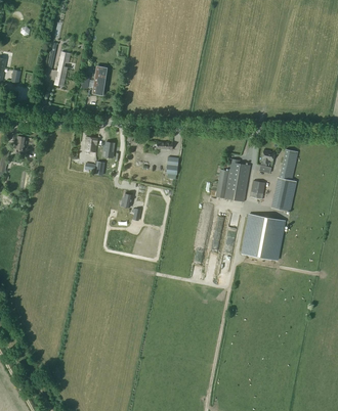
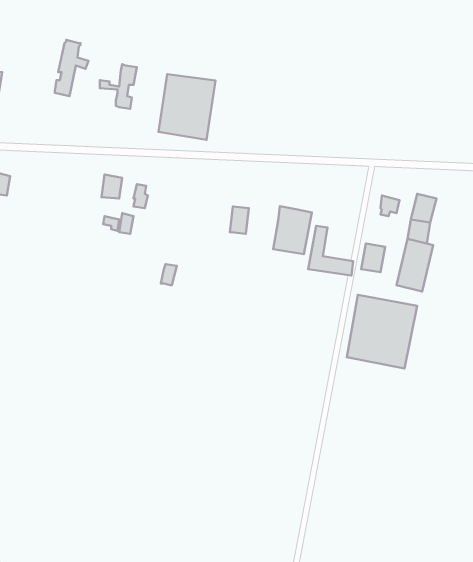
building: none -> [159,74,216,140]
building: [225,161,250,191] -> [273,206,312,254]

